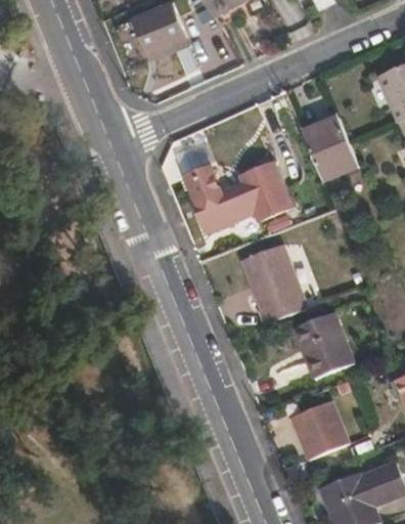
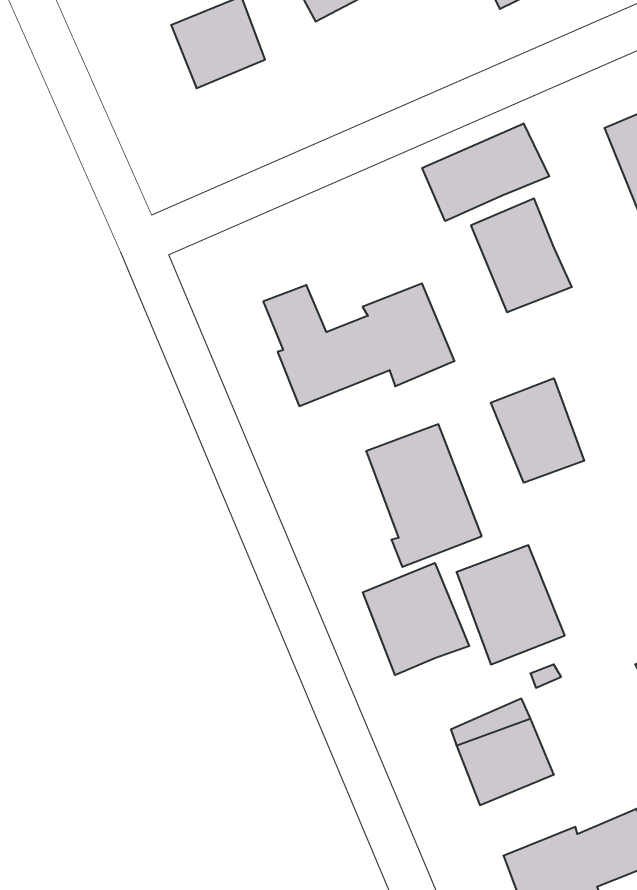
building: none -> [422,123,549,221]
building: none -> [491,378,584,483]
building: none -> [363,563,469,675]

